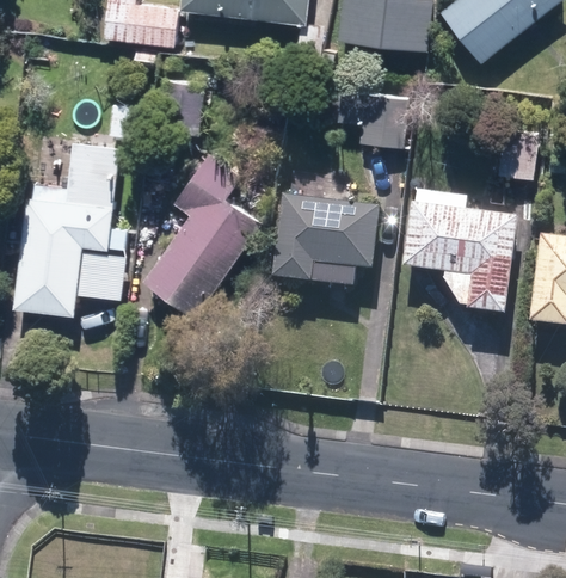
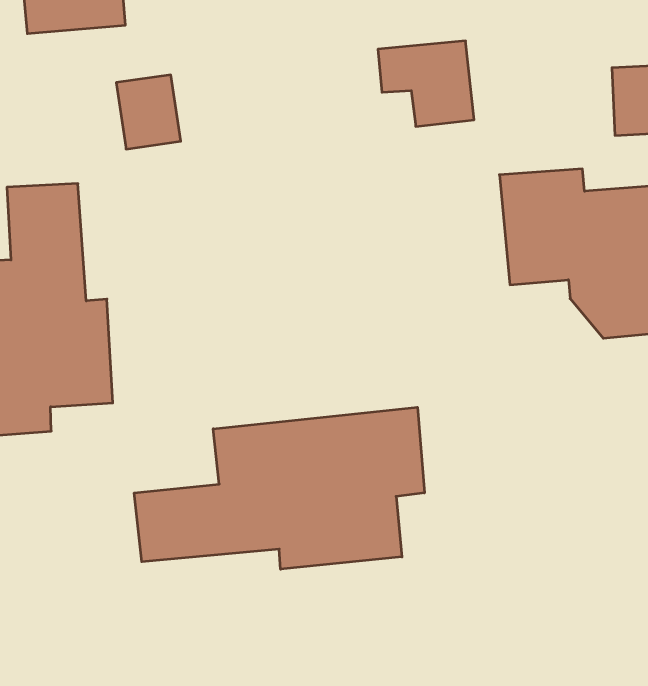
building: [142,155,258,310] -> none
building: [271,198,377,284] -> none
building: none -> [134,407,424,569]

